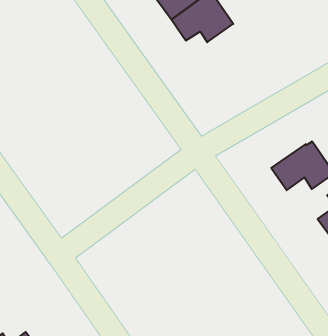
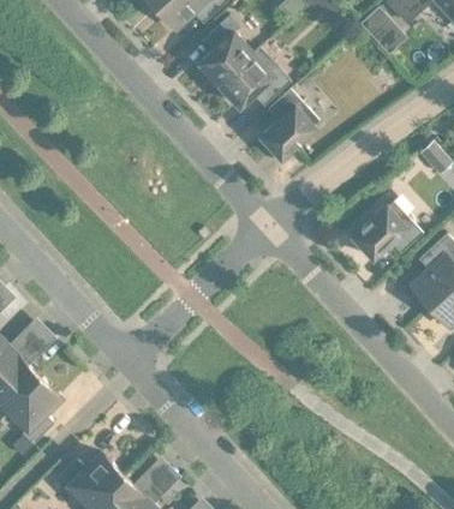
building: none -> [261,89,319,160]

